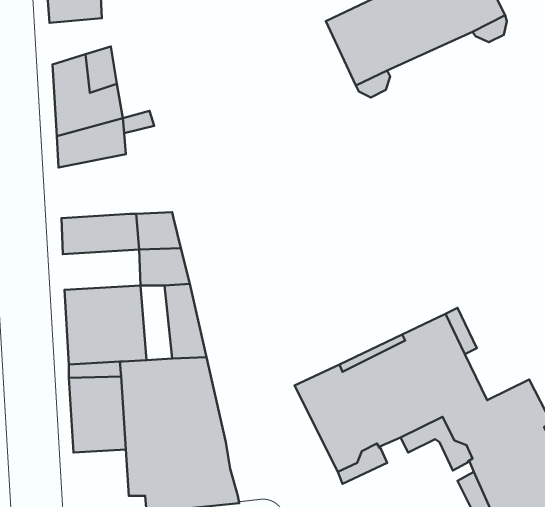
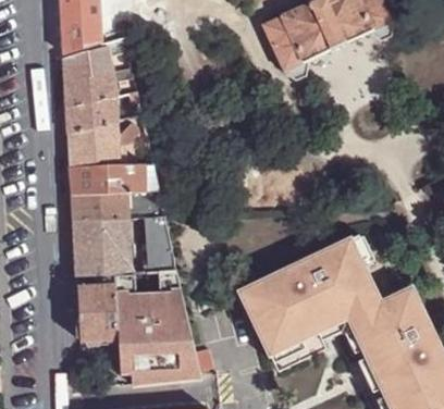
building: none -> [67,122,139,169]
building: none -> [71,191,127,221]

